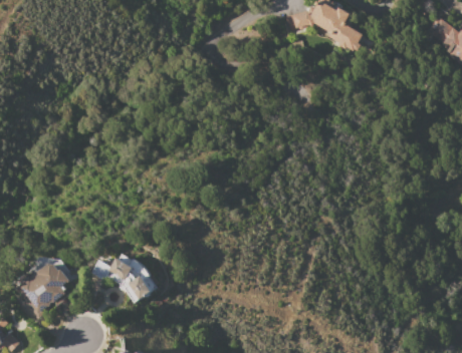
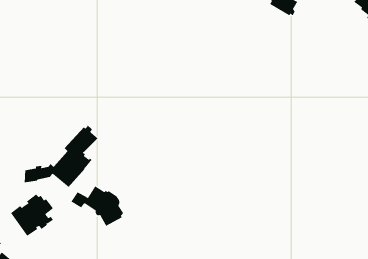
building: none -> [24,125,98,188]

